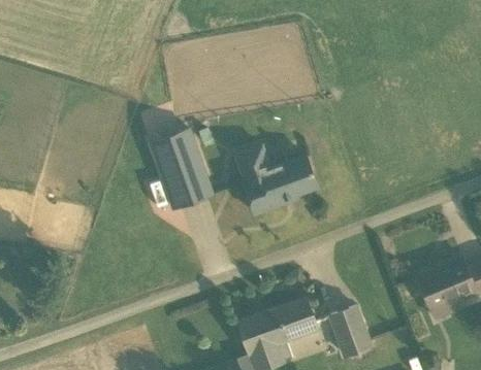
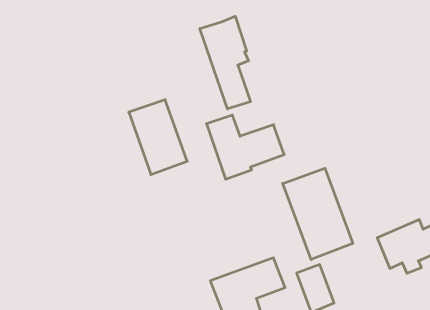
building: none -> [200,16,250,109]
building: none -> [283,168,353,260]

